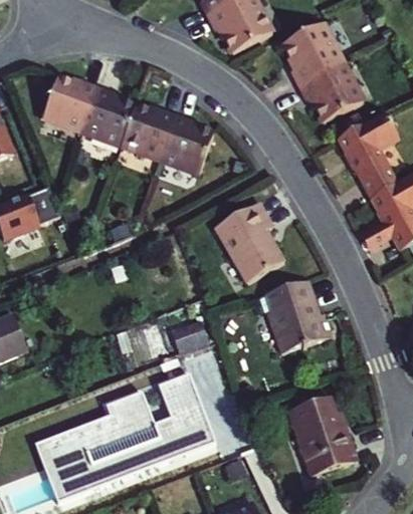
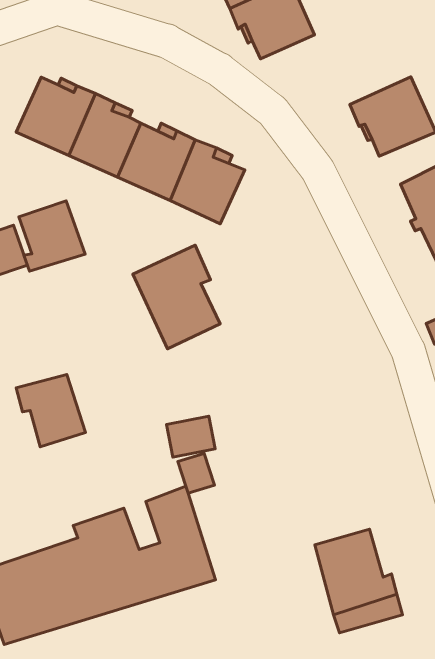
building: [277,20,339,81] -> none
building: none -> [19,201,85,271]
building: [215,205,282,283] -> [133,245,220,349]
building: [255,281,331,350] -> none
building: none -> [16,375,85,447]

